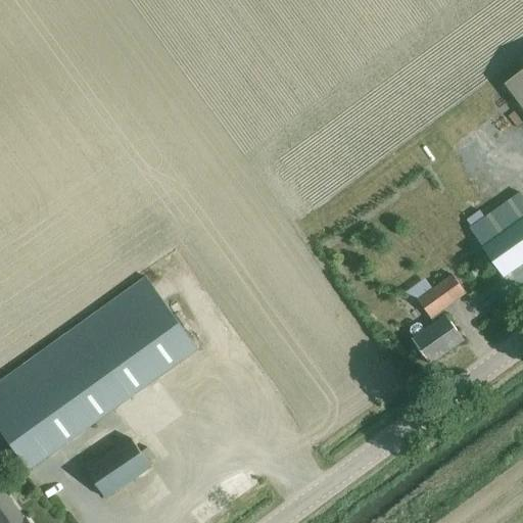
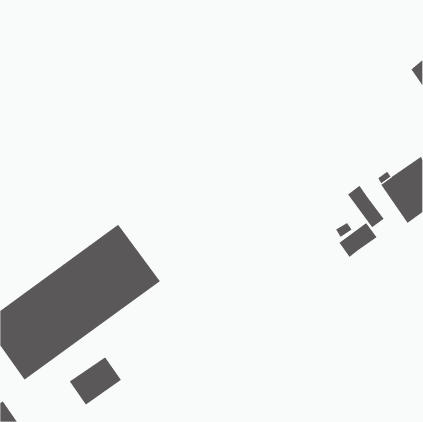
building: none -> [347,185,384,228]
building: [410,310,463,364] -> none

